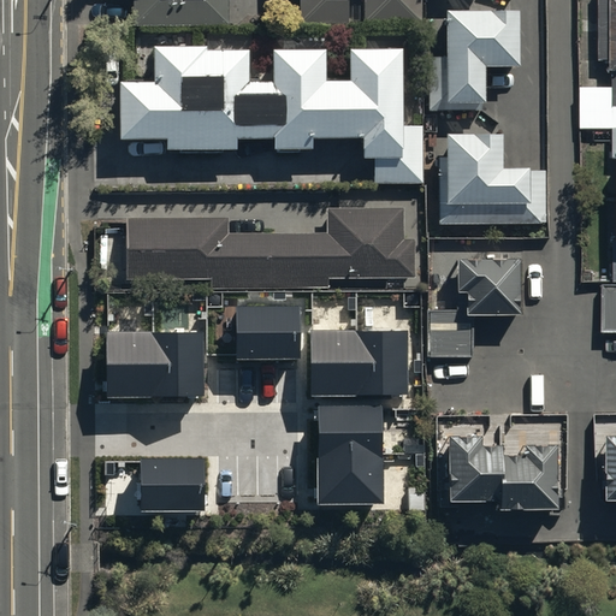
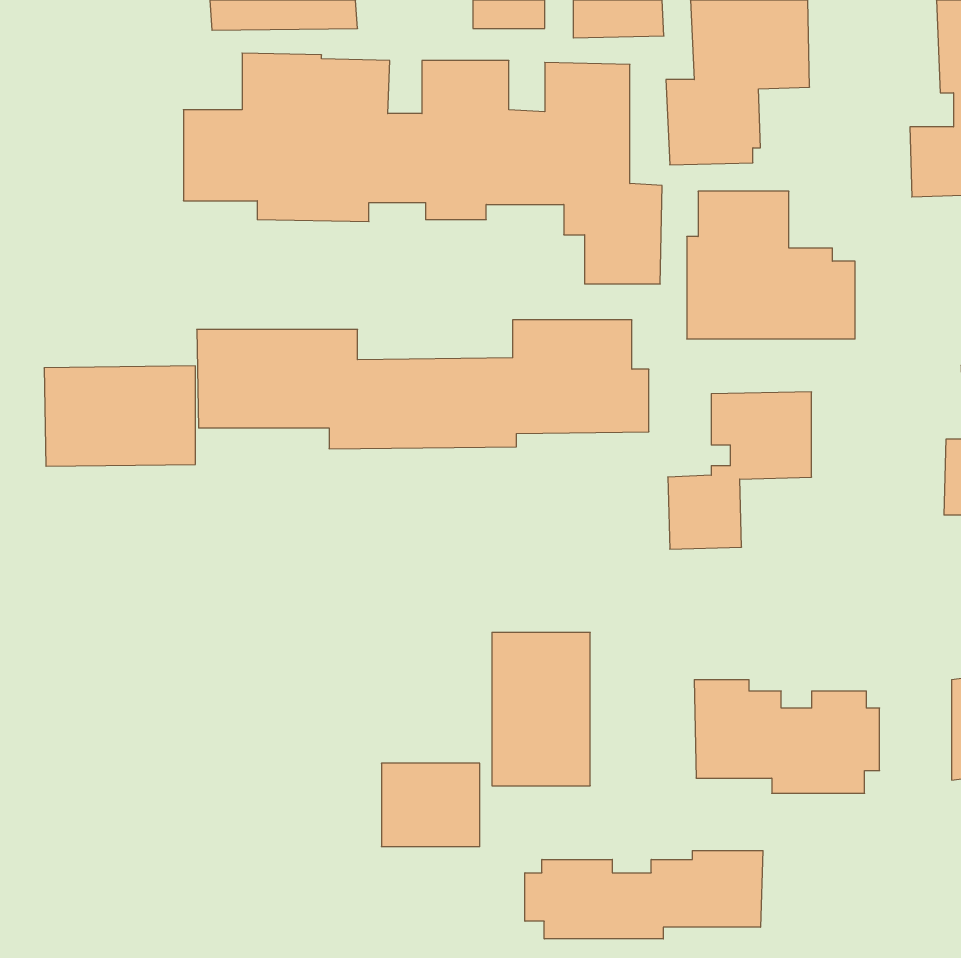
building: [233,309,297,362] -> none
building: [309,333,405,396] -> none
building: [106,336,202,399] -> [44,366,195,466]
building: [141,460,203,513] -> [381,763,480,847]
building: none -> [525,851,763,939]

